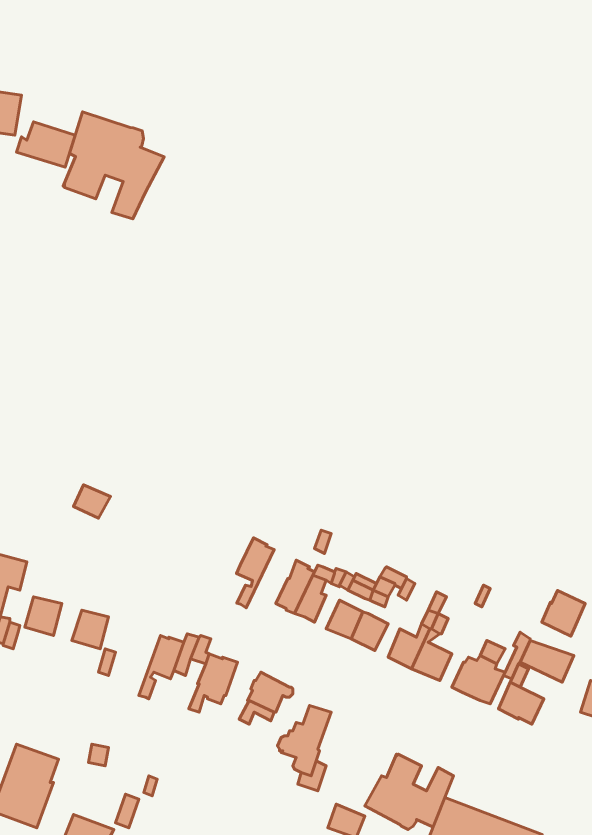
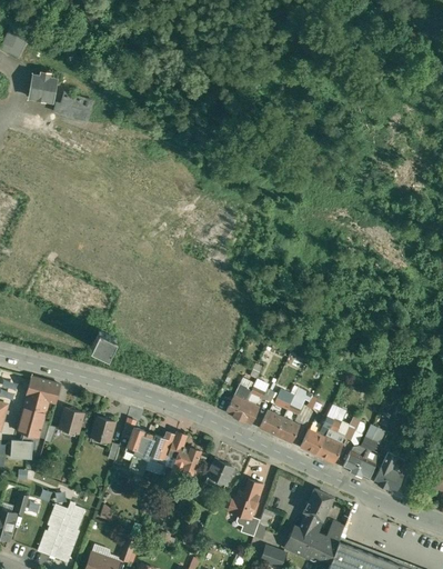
building: [63,112,164,219] -> none
building: [236,538,274,608] -> none
building: [542,590,585,636] -> none
building: none -> [127,427,150,473]
building: none -> [304,489,333,520]

